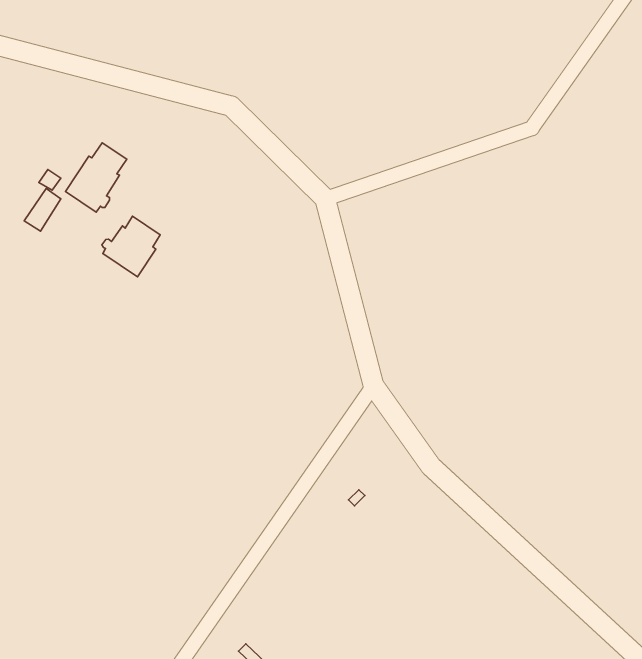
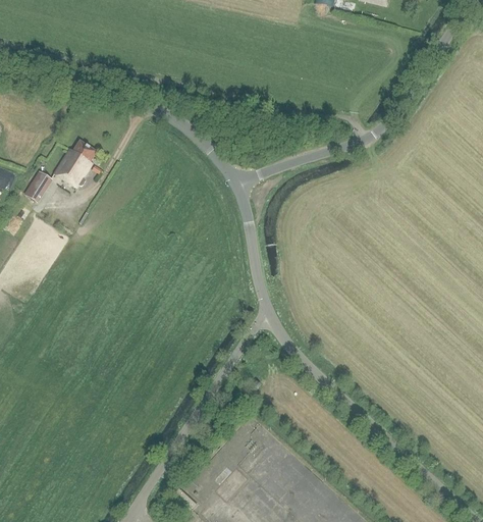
building: [102,216,160,277] -> none

